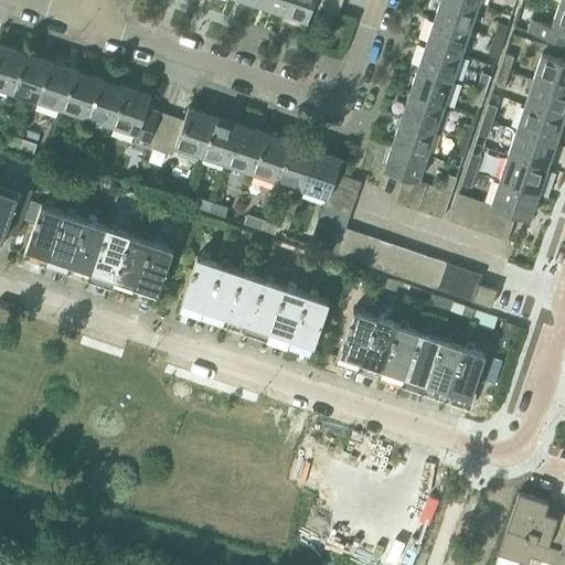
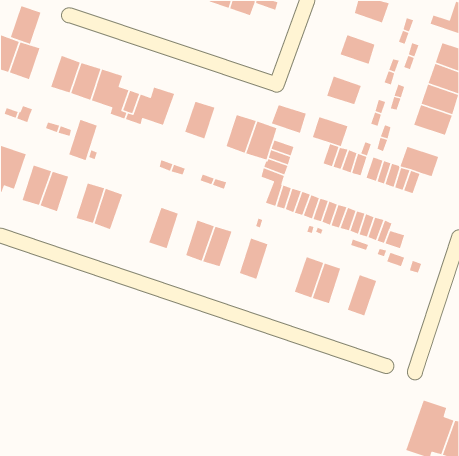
building: [426,21,470,58] -> none
building: [36,63,75,111] -> [10,5,41,45]
building: [409,72,454,109] -> none
building: [201,119,239,167] -> none
building: [392,122,436,159] -> [271,104,307,134]
building: [252,136,290,184] -> none
building: [500,158,547,196] -> none
building: [71,221,107,273] -> [68,119,98,161]
building: [136,243,173,295] -> none
building: [205,266,242,318] -> none
building: [270,288,308,340] -> none
building: [339,311,376,363] -> none
building: [405,333,441,385] -> none
building: [448,349,486,401] -> none

